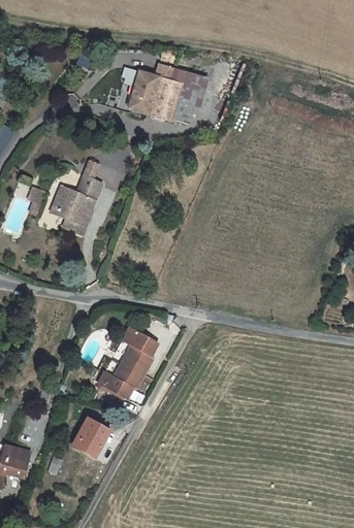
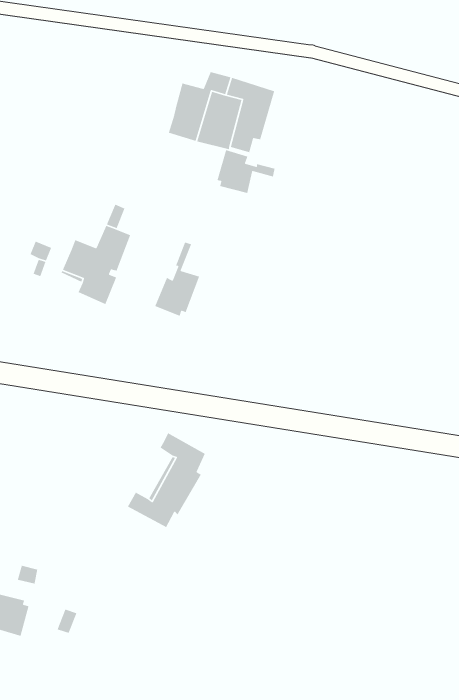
building: none -> [217,149,276,194]
building: none -> [154,241,200,317]
building: [73,419,107,456] -> none

